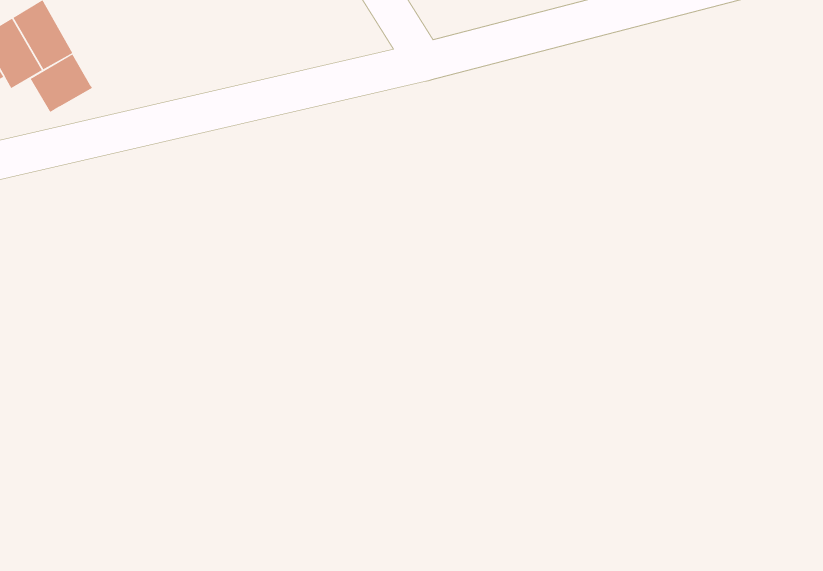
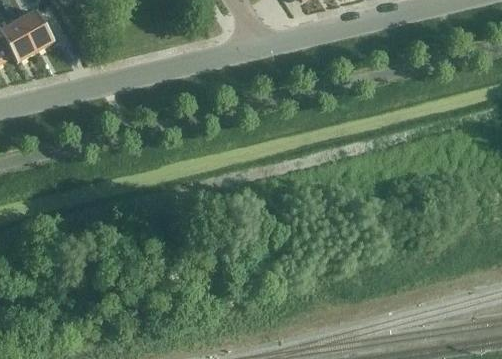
building: [30,54,93,113] -> none

